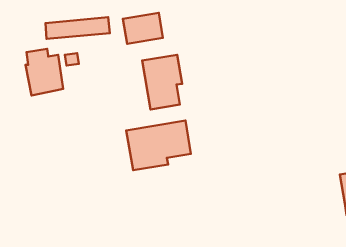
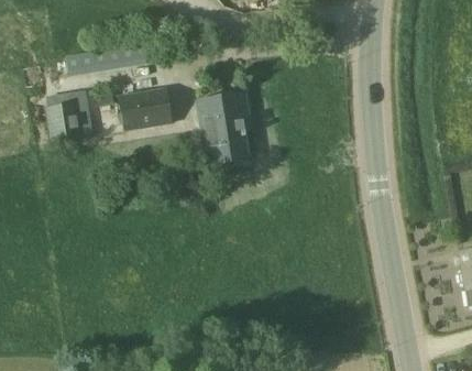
building: [123,13,163,44] -> [119,89,172,130]
building: [126,120,191,170] -> none

